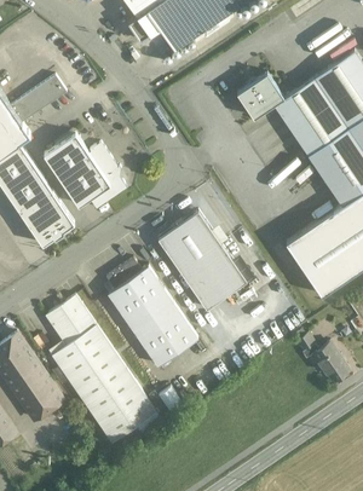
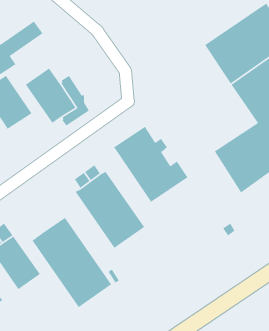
building: [236,73,283,117] -> none
building: [21,192,74,246] -> none
building: [45,295,94,346] -> none
building: [312,342,350,382] -> none

